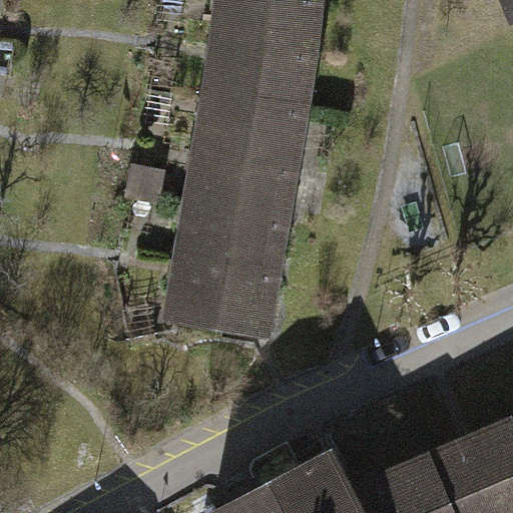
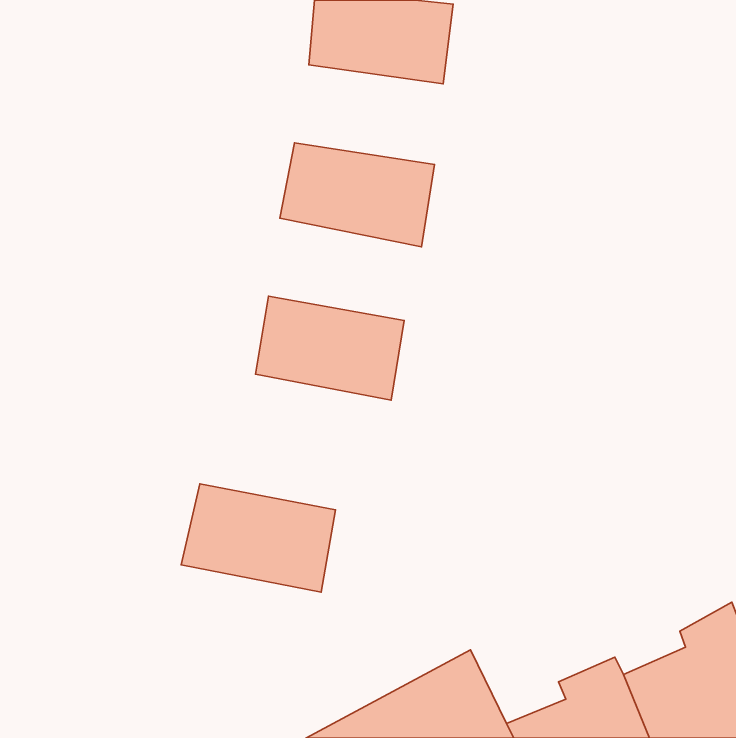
building: [205,45,309,114] -> none
building: [187,151,294,222] -> none
building: [165,260,273,335] -> [181,484,336,592]

